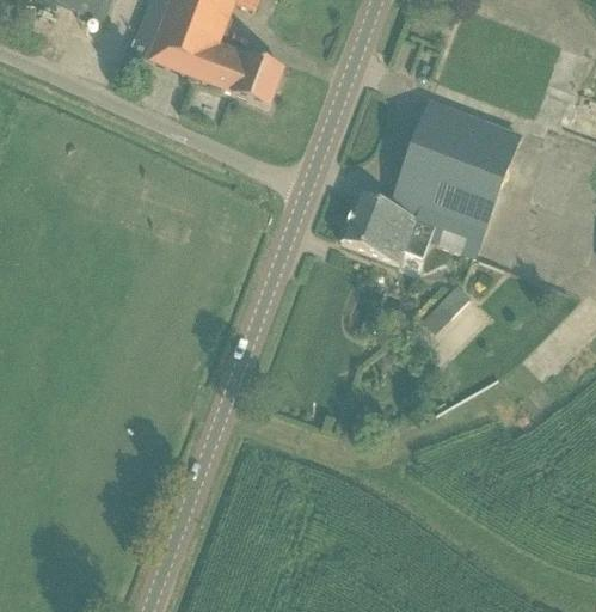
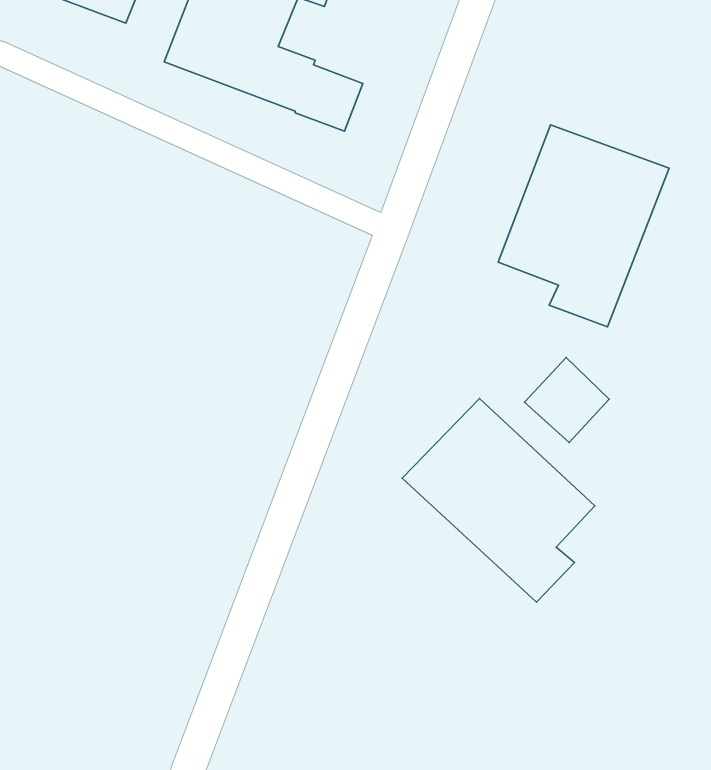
building: [339,192,435,261] -> none
building: none -> [402,398,595,602]

